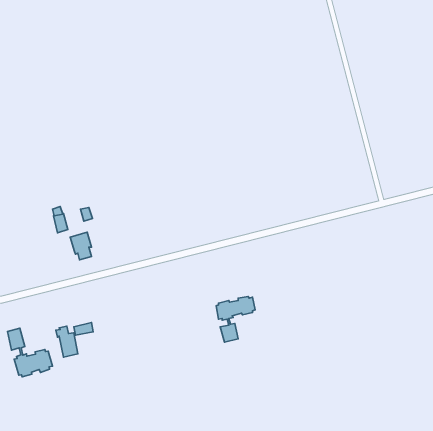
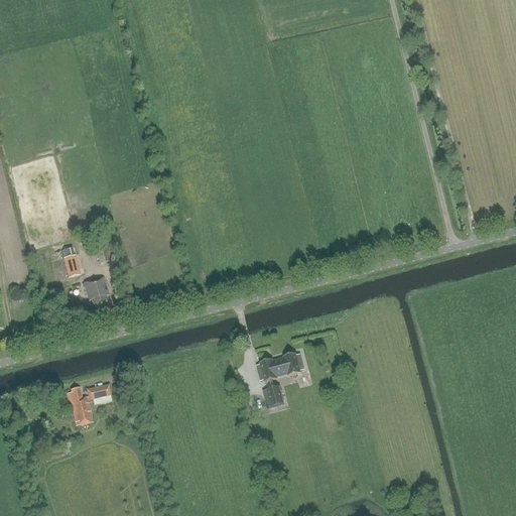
building: [7,328,52,377] -> none

